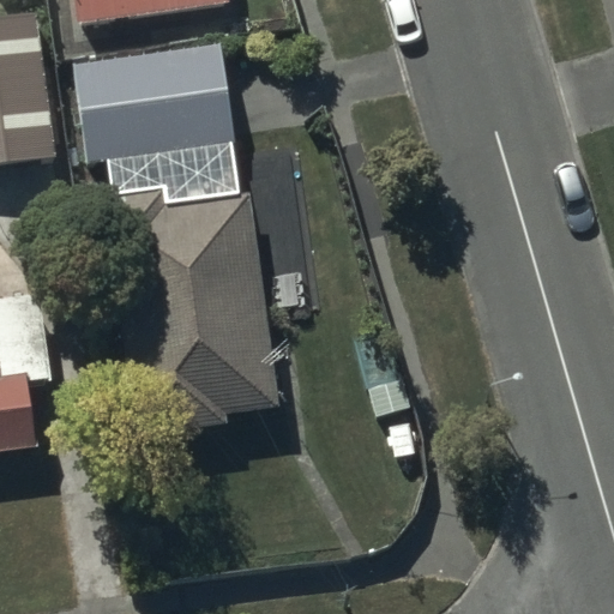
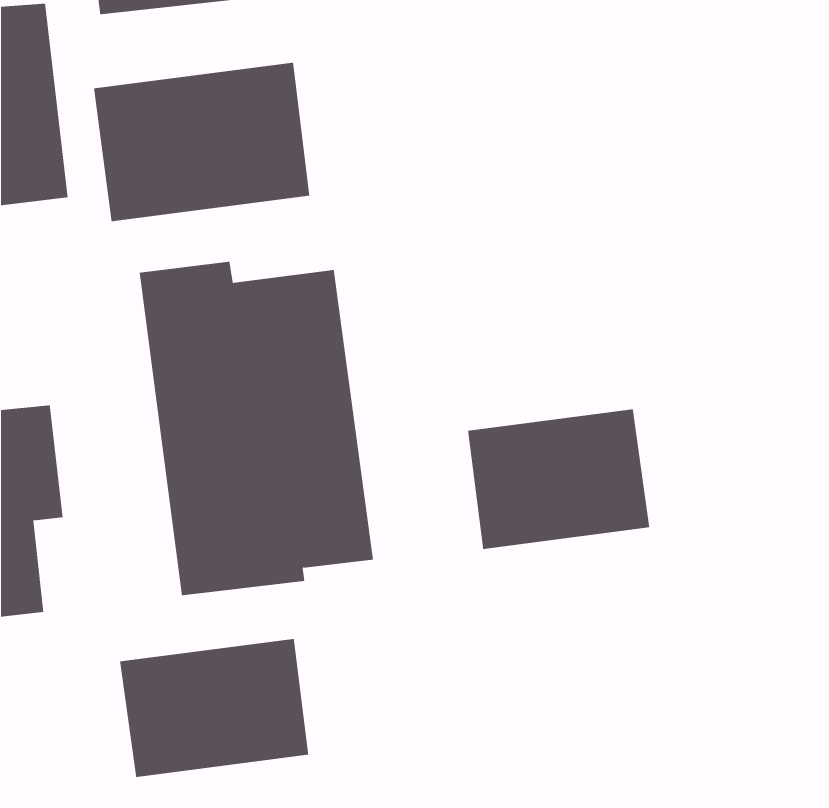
building: none -> [467,408,650,550]
building: none -> [119,638,309,778]

